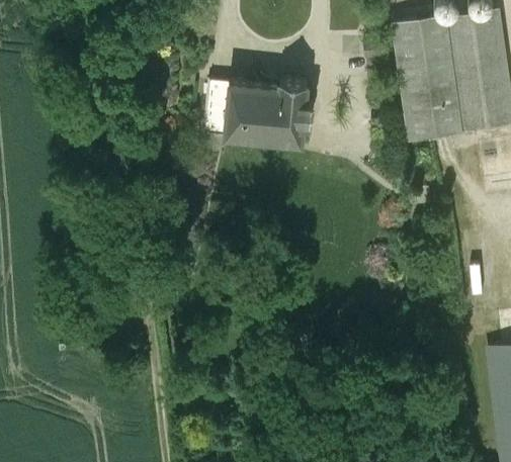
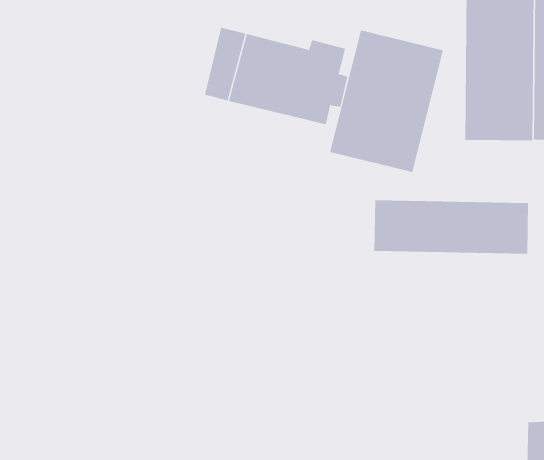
building: none -> [330,29,444,173]
building: none -> [374,199,529,255]

